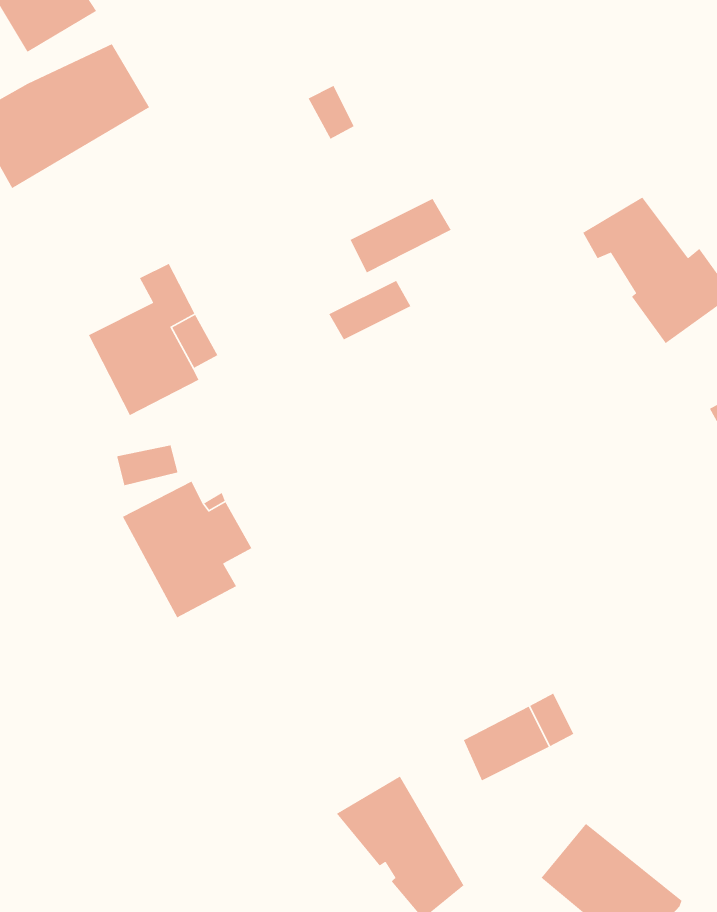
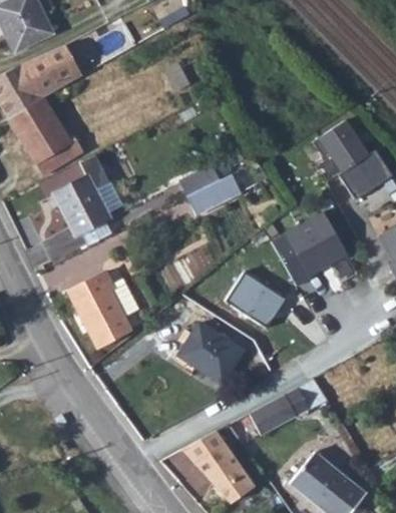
building: none -> [11,98,81,174]
building: [349,198,452,274] -> [186,176,241,216]
building: none -> [277,219,353,294]
building: none -> [226,274,286,329]
building: none -> [181,325,246,384]

